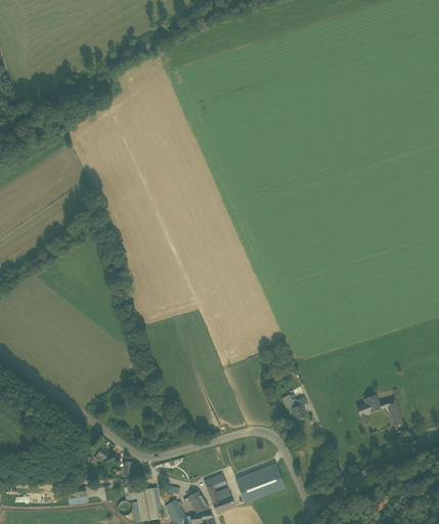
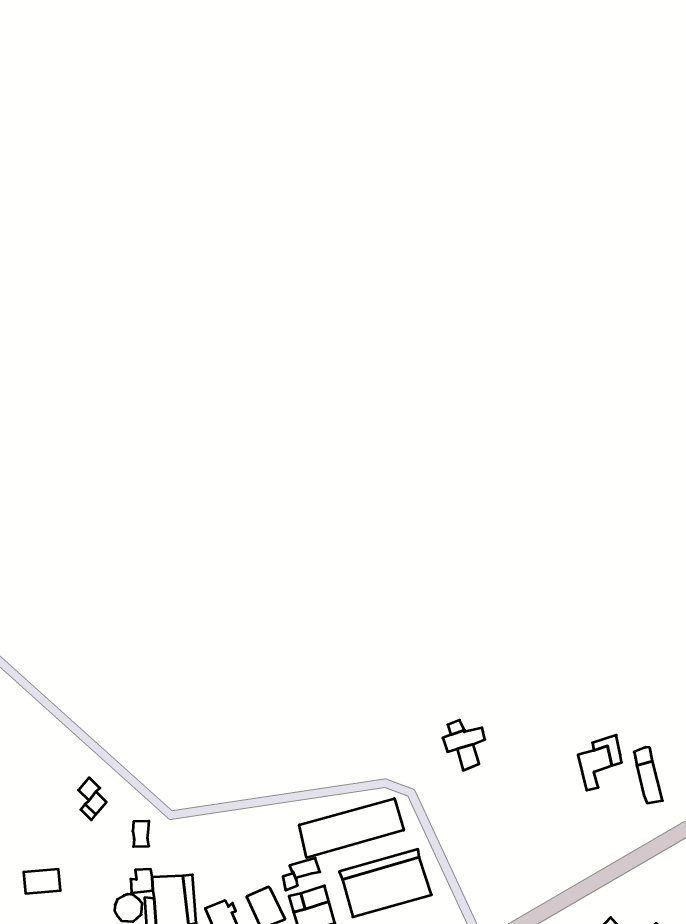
building: none -> [299,798,404,858]

